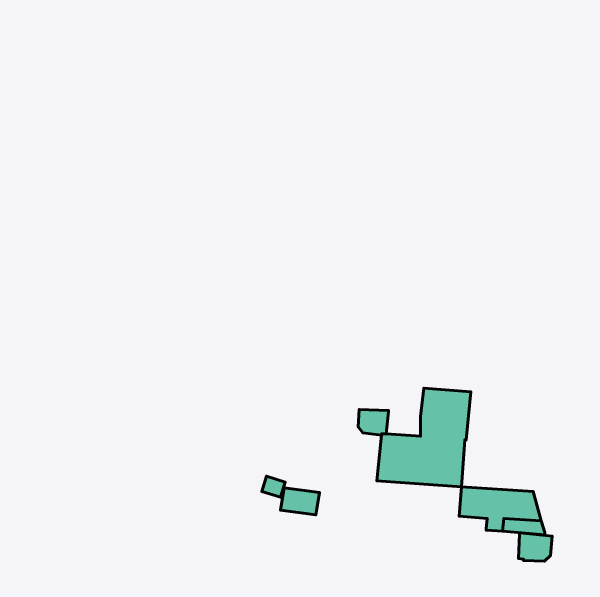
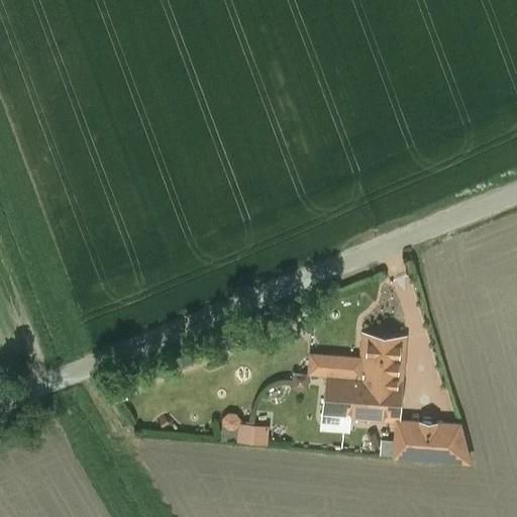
building: none -> [332,356,361,378]
building: [519,533,552,561] -> none

